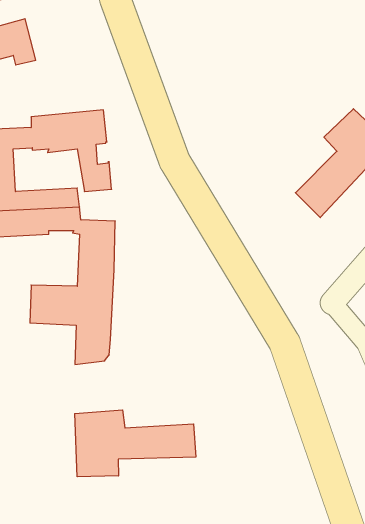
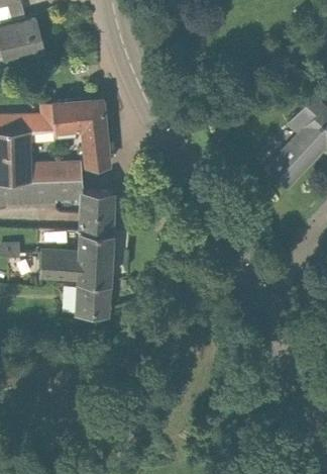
building: [75,410,196,477] -> none

